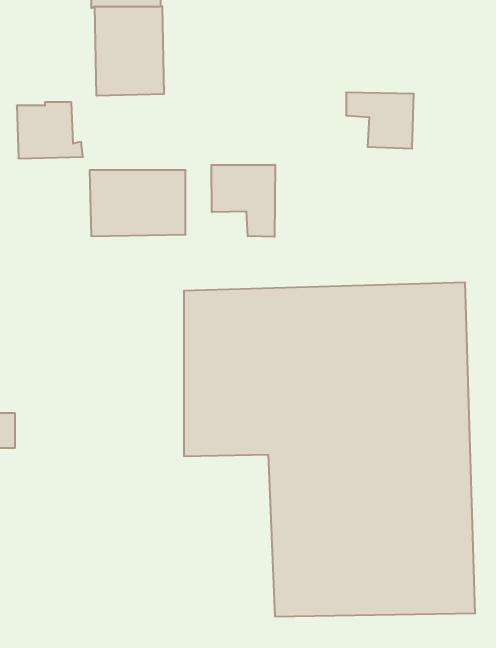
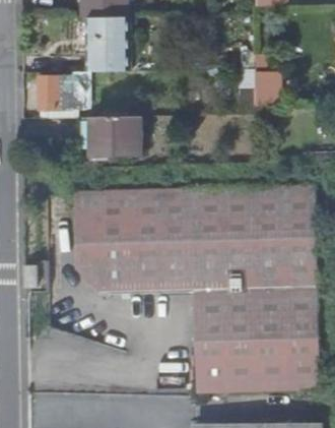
building: [212,165,275,237] -> none
building: none -> [72,191,140,294]

